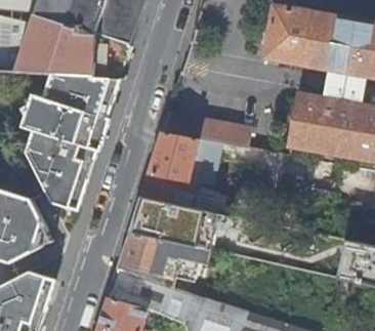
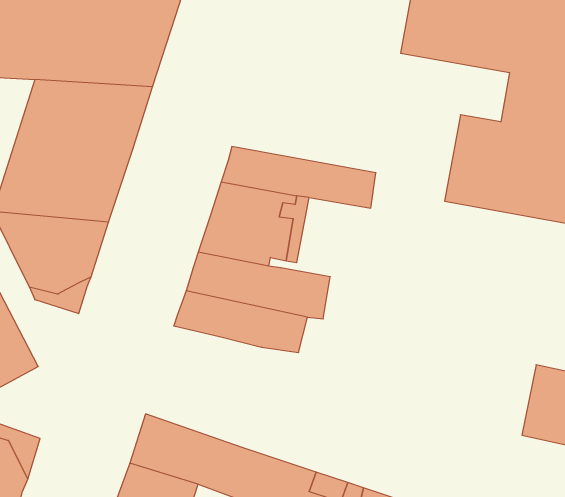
building: [115,230,208,286] -> none

